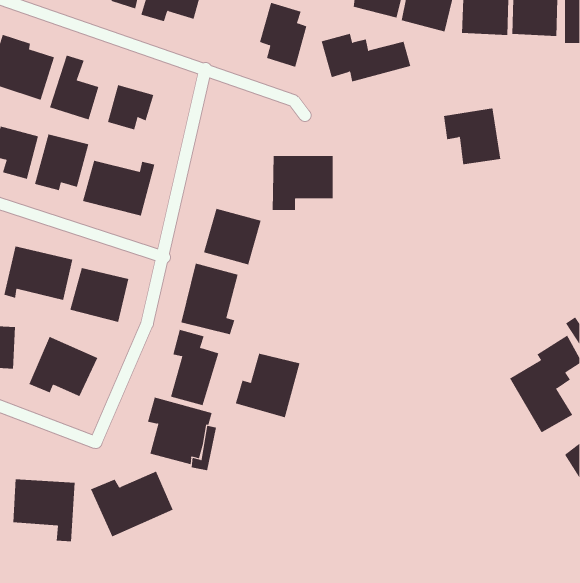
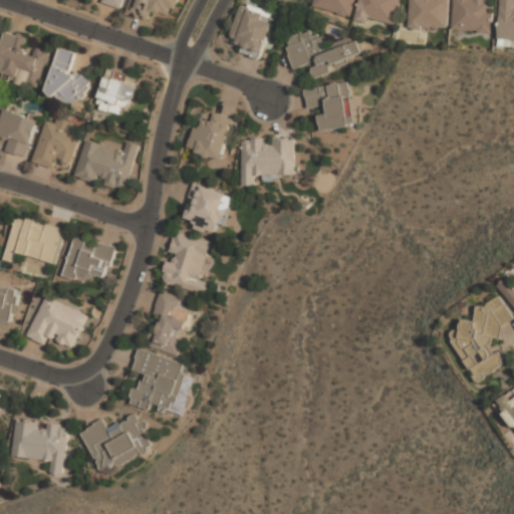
building: [443,108,501,165] -> [302,80,353,131]
building: none -> [185,112,234,161]
building: [235,353,300,418] -> none

